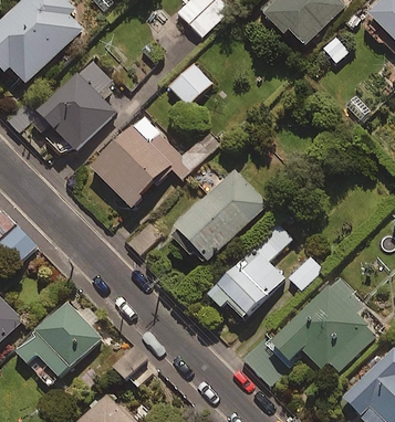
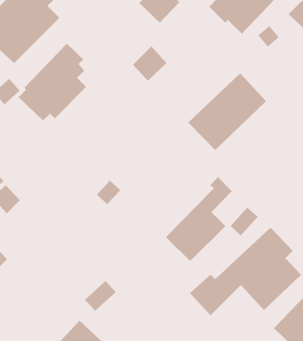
building: [93,116,218,209] -> none
building: [168,170,263,264] -> [188,73,267,151]
building: [15,300,101,386] -> none

